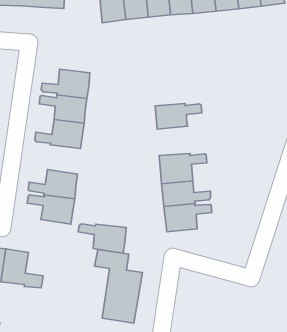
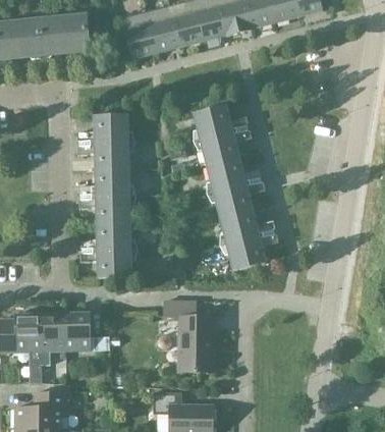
building: none -> [194,105,248,139]
building: none -> [207,155,261,191]
building: [78,224,126,253] -> [78,196,129,223]

